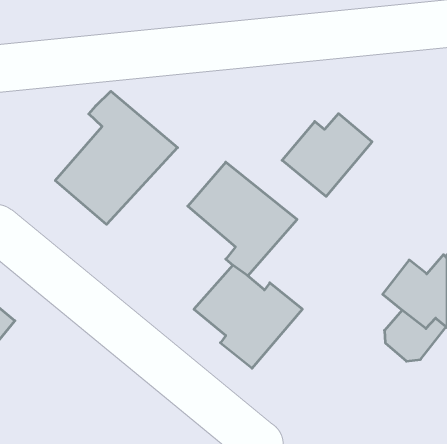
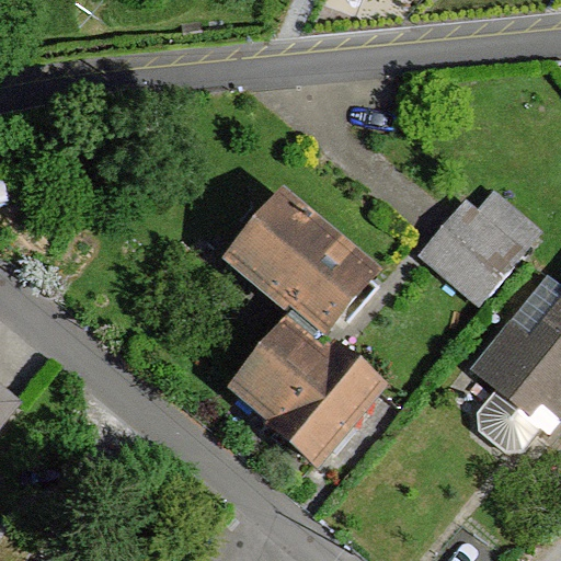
building: [55,91,178,224] -> none
building: [282,114,372,196] -> [424,194,536,297]

